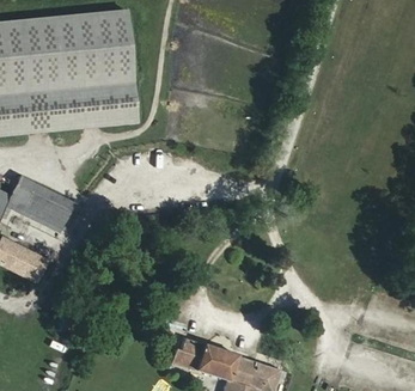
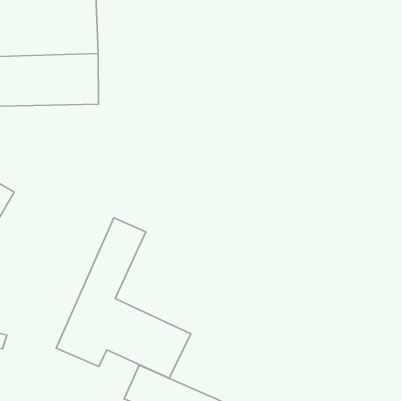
building: none -> [56,218,191,378]

